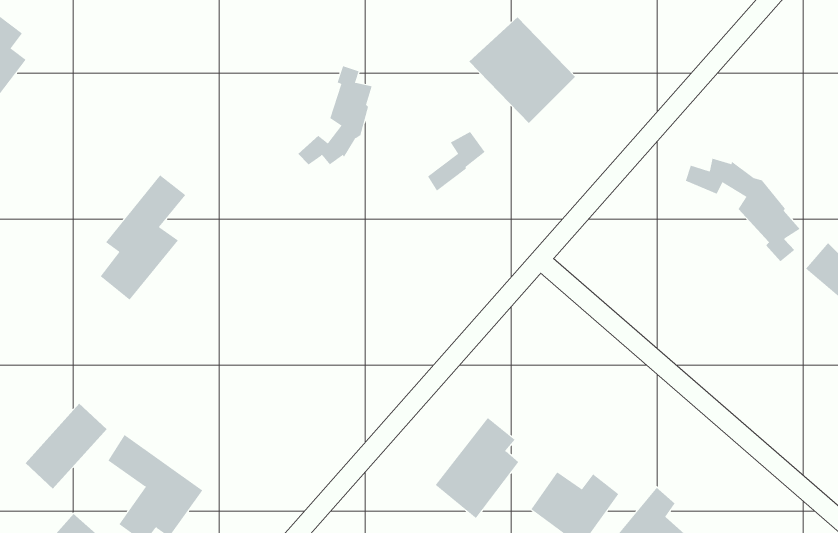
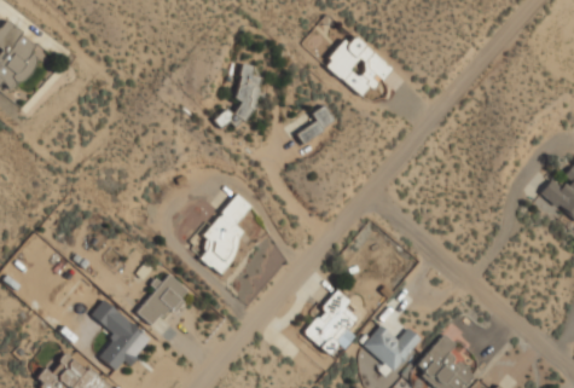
building: [685,158,801,262] -> none
building: [100,175,186,301] -> [199,192,255,273]
building: [25,403,108,489] -> [137,273,190,329]

